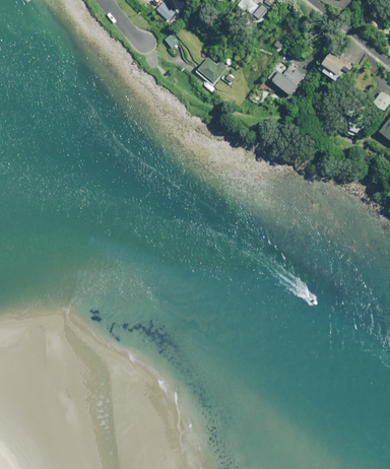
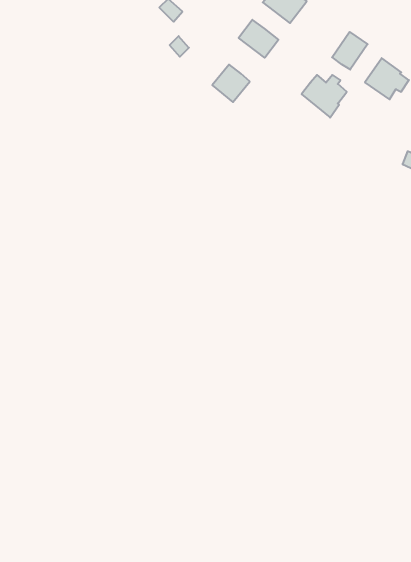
building: none -> [239,20,278,58]
building: none -> [332,32,368,70]

